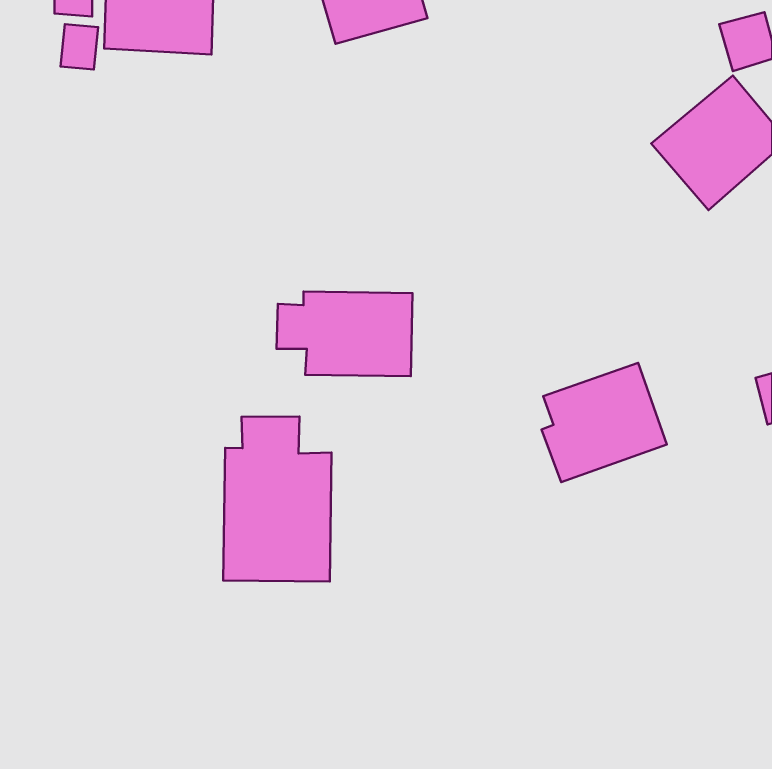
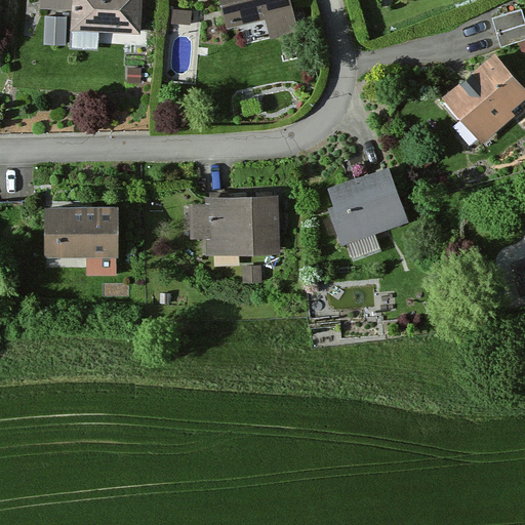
building: none -> [43,206,119,259]
building: [542,363,667,482] -> [327,167,412,248]
building: [223,417,332,582] -> none

